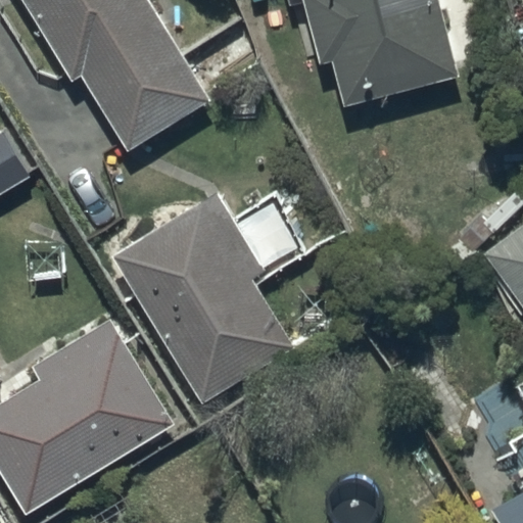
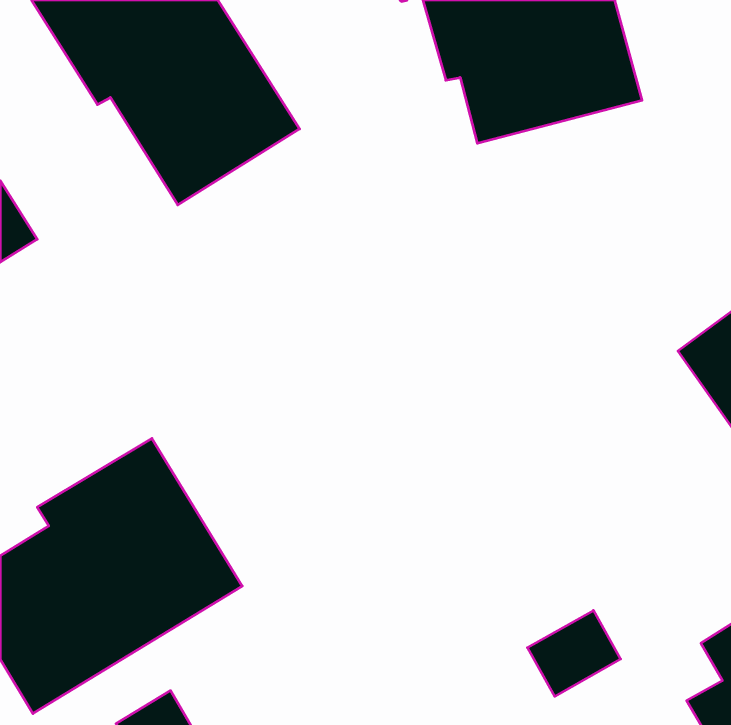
building: [110,189,293,401] -> none

